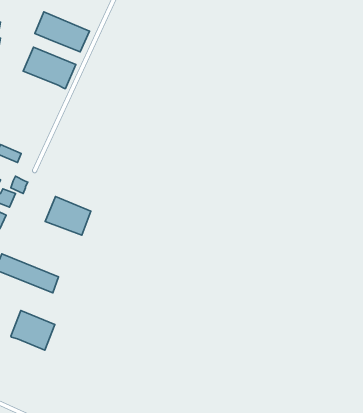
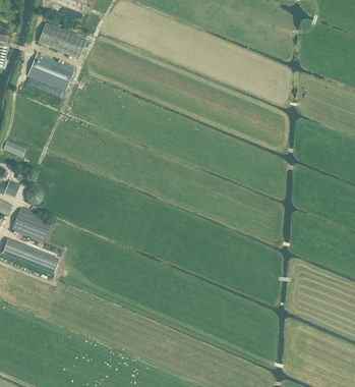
building: [45,196,91,235] -> [11,208,52,242]
building: [11,311,55,350] -> none

